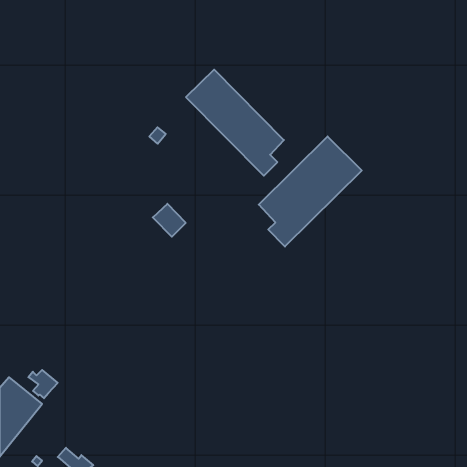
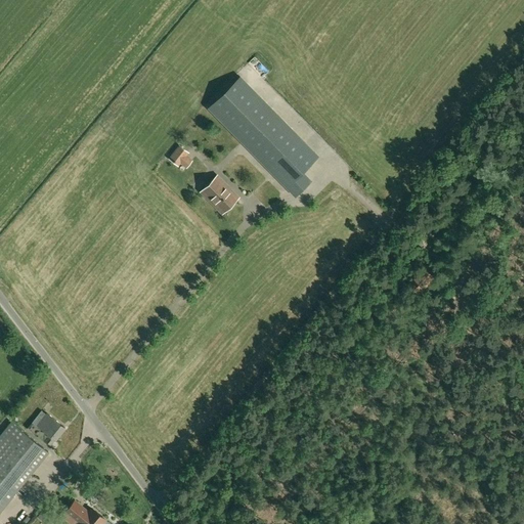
building: [259,136,362,247] -> none
building: [153,204,186,237] -> [200,177,236,214]

